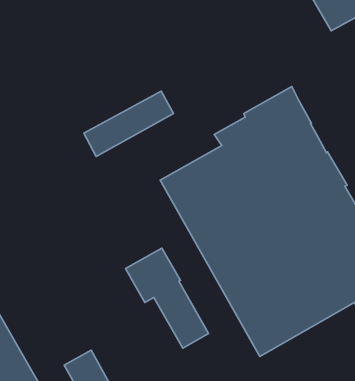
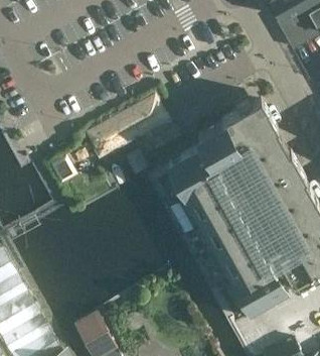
building: [126,248,208,348] -> none

